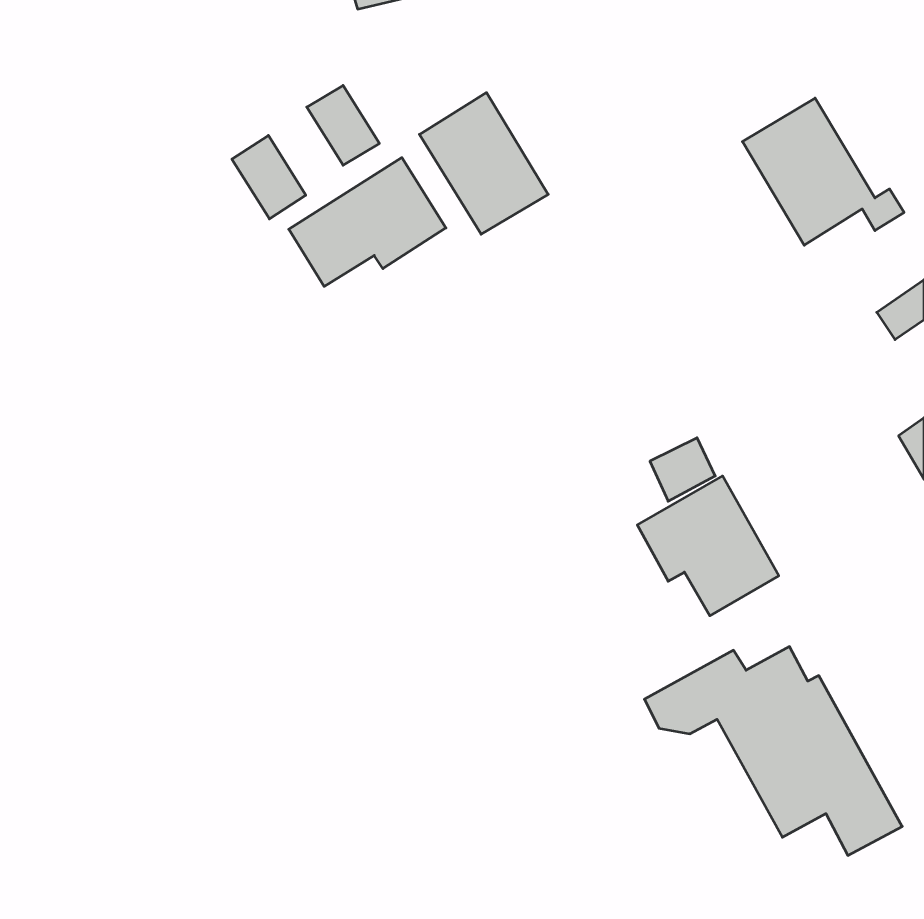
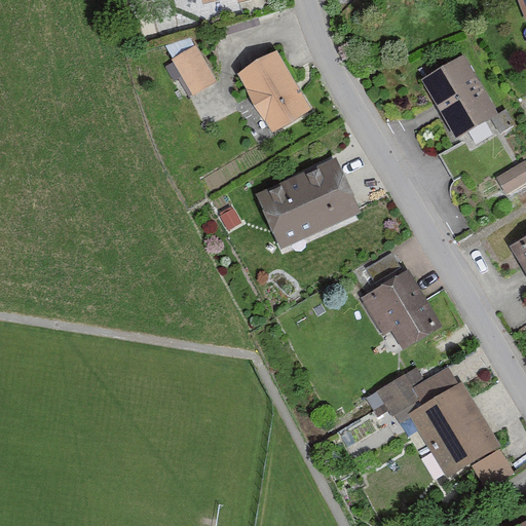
building: [232,135,306,219] -> none
building: [289,158,446,286] -> none
building: none -> [260,159,361,246]

